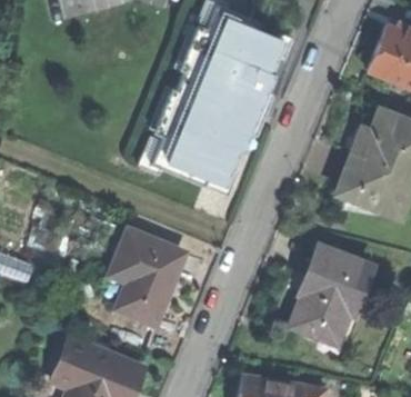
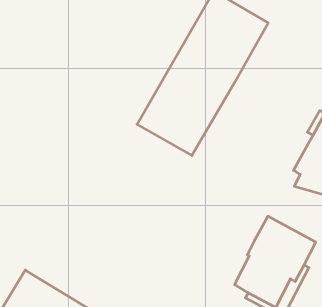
building: [108,232,177,328] -> none

